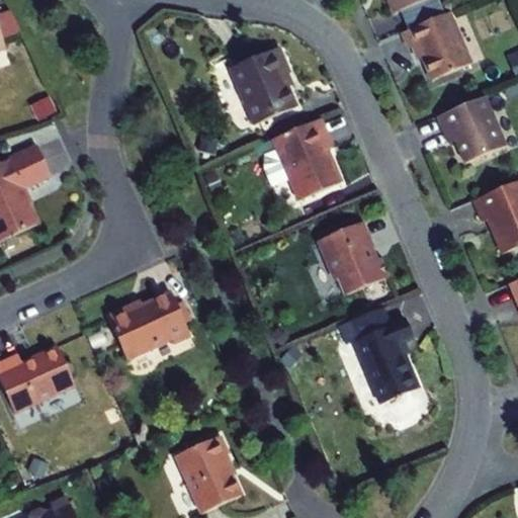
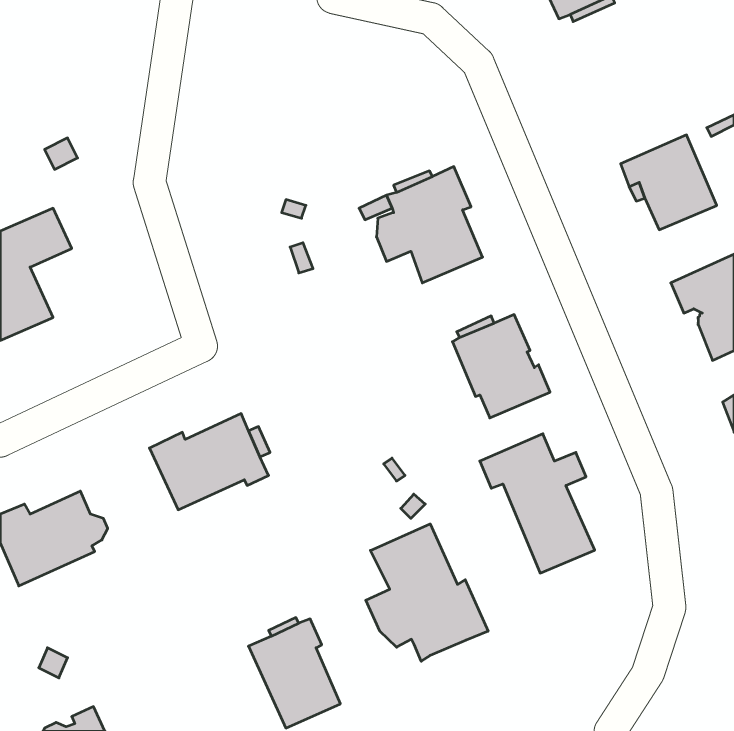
building: [402,11,470,80] -> none
building: [230,48,295,124] -> none
building: none -> [366,524,488,661]

